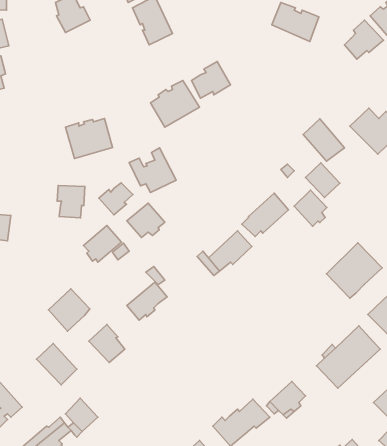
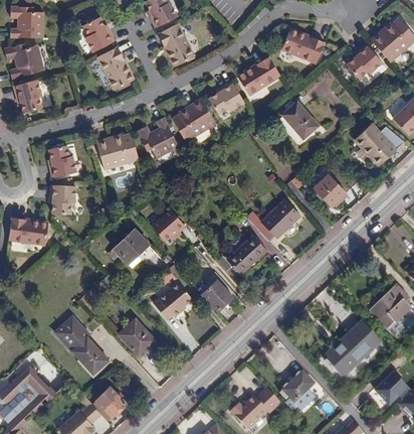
building: none -> [100,49,138,94]
building: none -> [238,55,282,95]
building: [303,119,344,161] -> [281,100,319,138]
building: none -> [49,144,77,176]
building: [129,148,176,193] -> [138,116,180,156]
building: [99,183,133,215] -> none
building: [57,185,85,218] -> [49,183,74,212]
building: [294,190,327,226] -> none
building: [327,243,382,298] -> none
building: none -> [200,279,231,310]
building: [49,289,90,331] -> [53,312,90,350]

